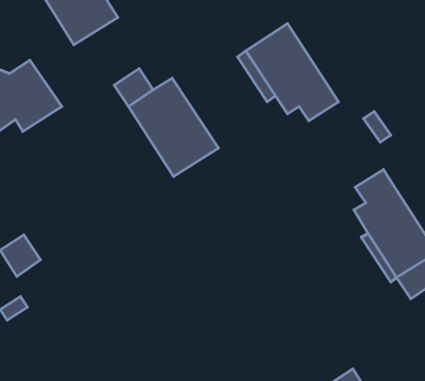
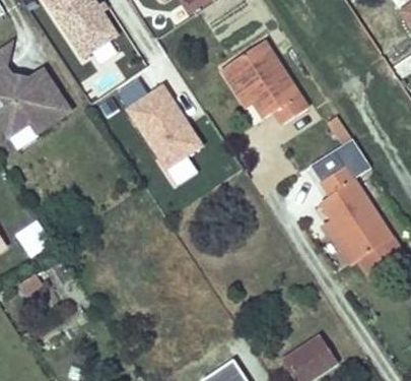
building: none -> [313,140,370,180]

